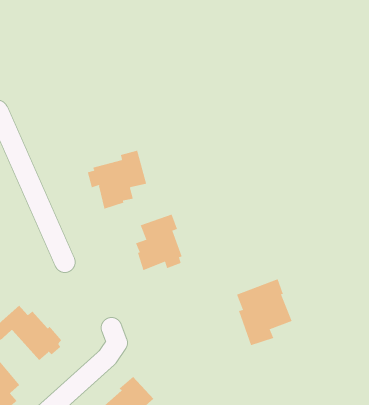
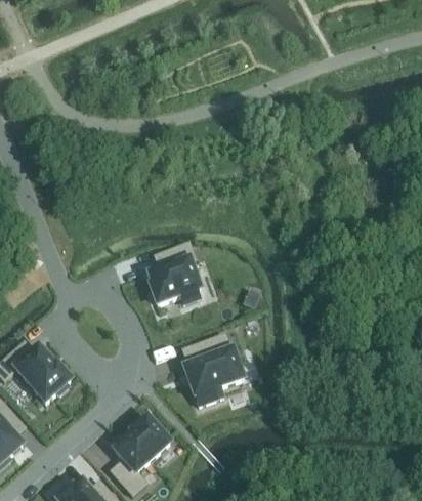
building: [87,150,147,209] -> none
building: [236,278,292,346] -> [182,333,243,406]

